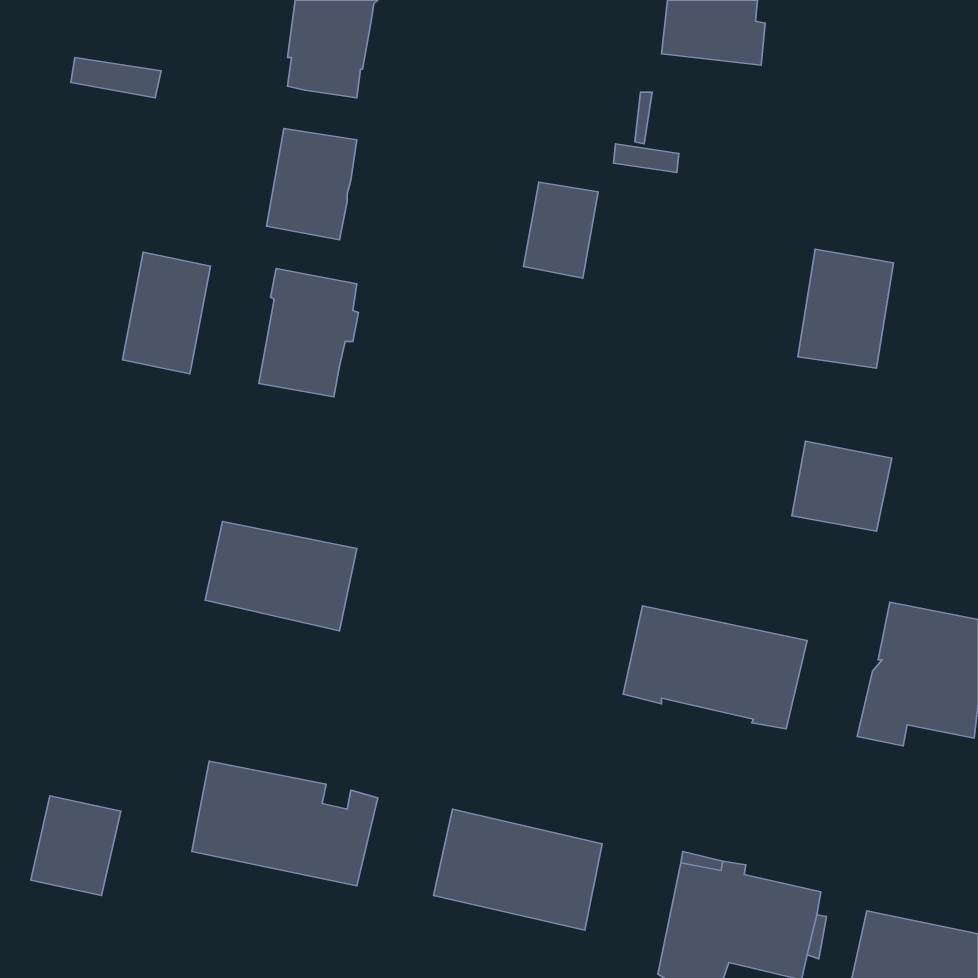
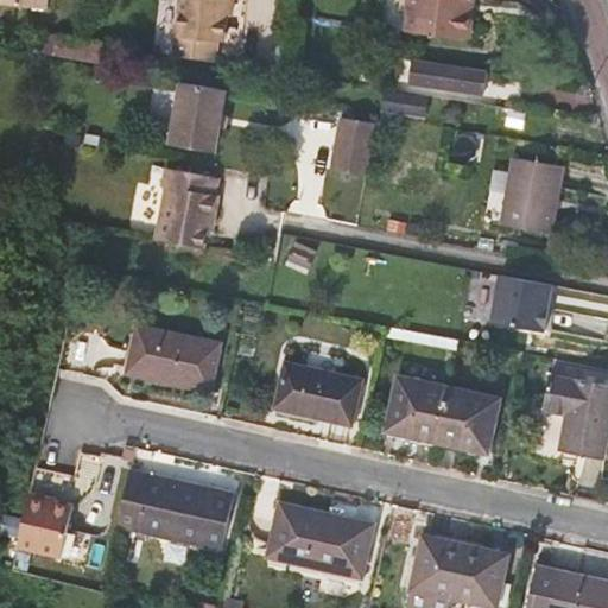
building: none -> [408,59,487,94]
building: [122,252,210,374] -> none
building: none -> [277,365,361,423]

